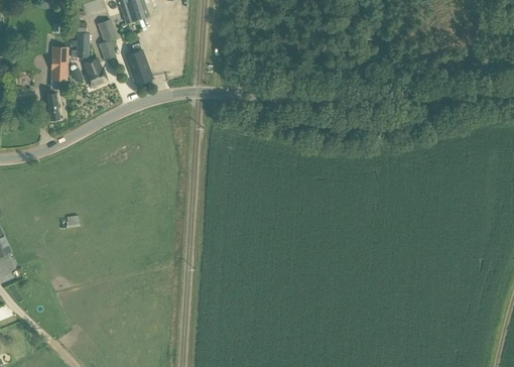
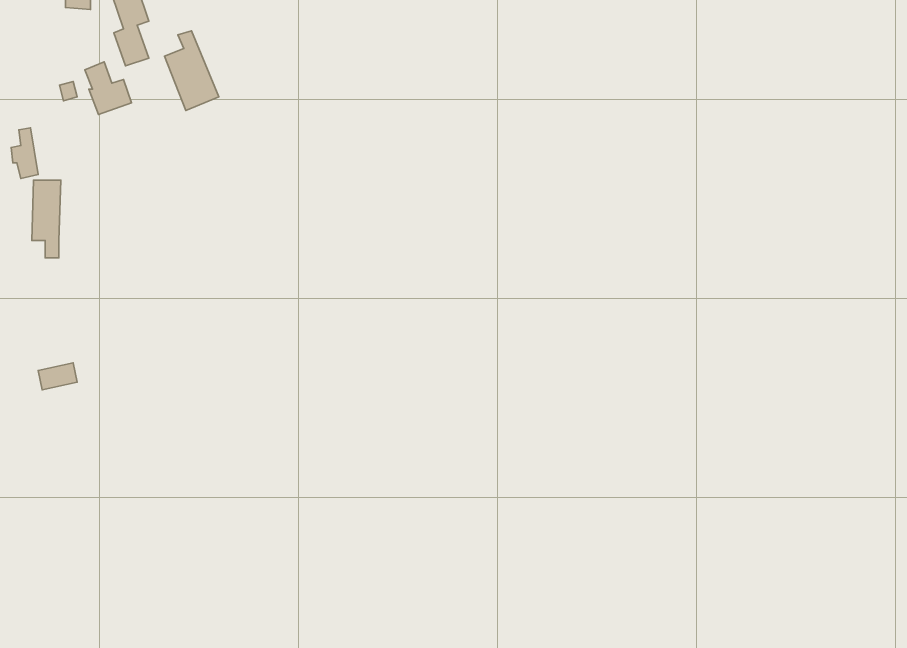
building: [73,33,90,57] -> none
building: [52,47,68,88] -> [32,180,61,258]

